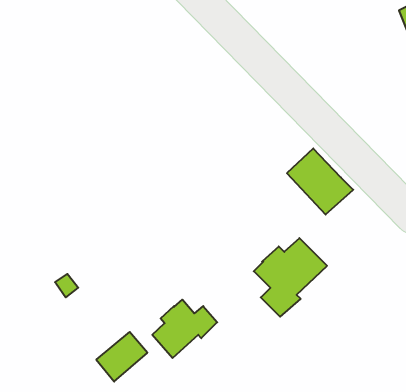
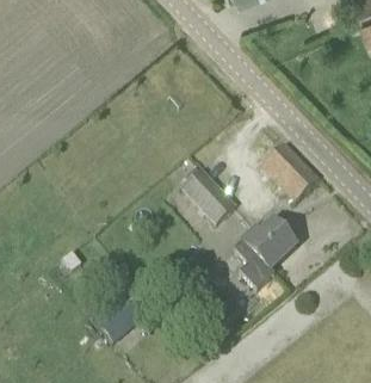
building: none -> [181,167,235,222]
building: [152,300,217,358] -> none

